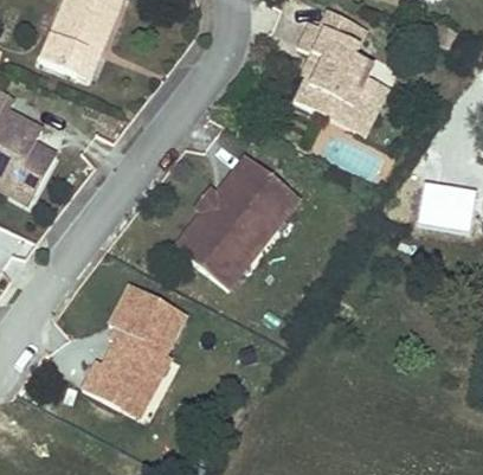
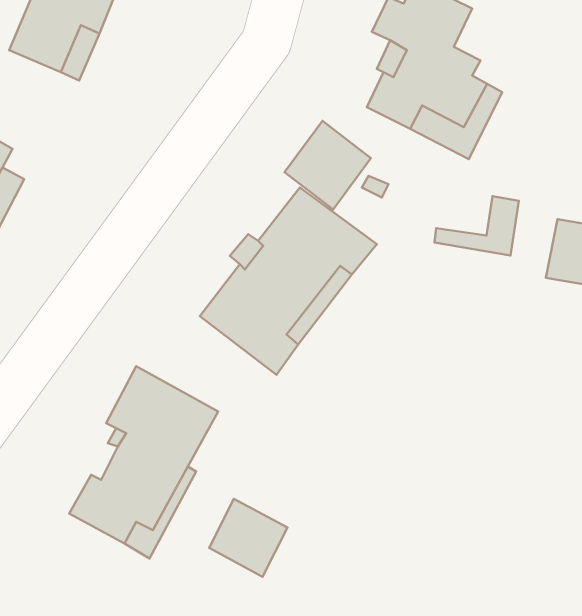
building: none -> [285,121,371,210]
building: none -> [435,196,519,255]
building: none -> [209,499,287,577]

